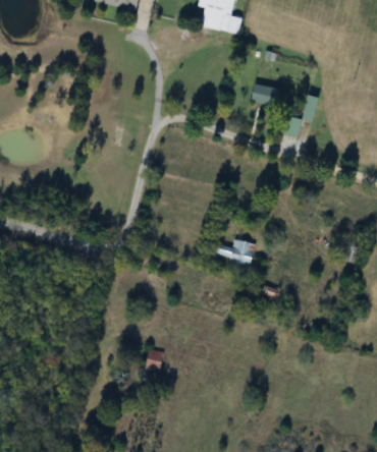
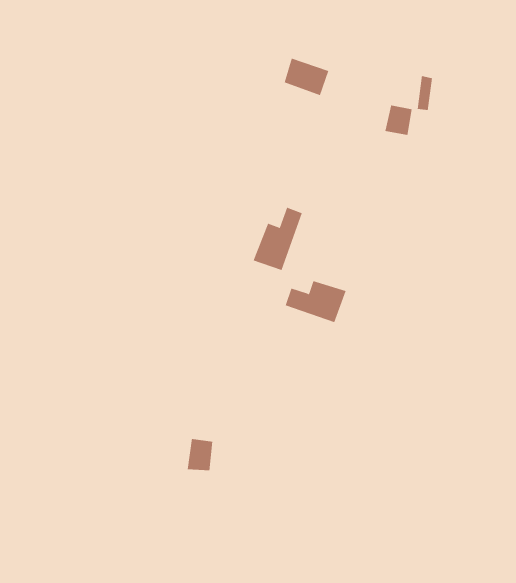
building: [251,82,282,109] -> [284,58,329,96]
building: none -> [253,207,302,271]

